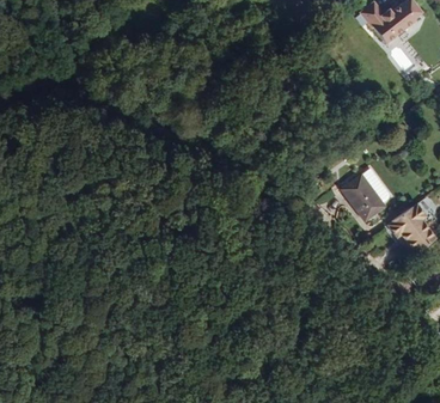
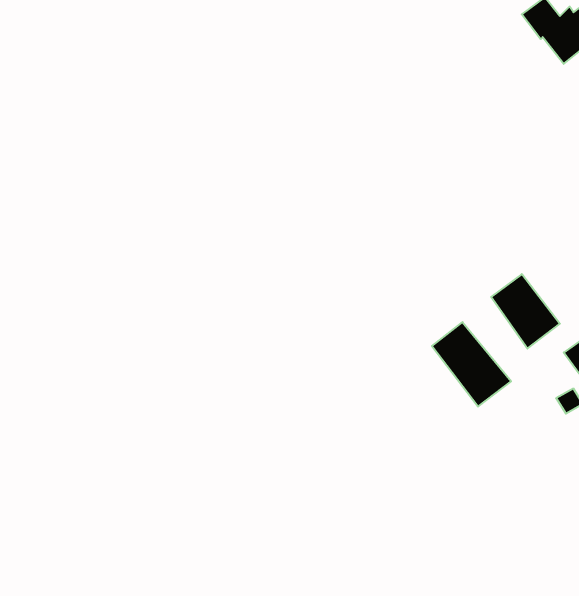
building: none -> [432,322,511,407]

